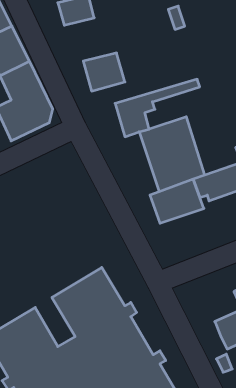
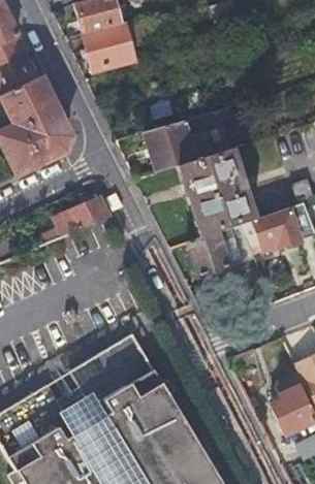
building: [83,53,125,91] -> [84,22,135,69]
building: none -> [42,194,108,246]

